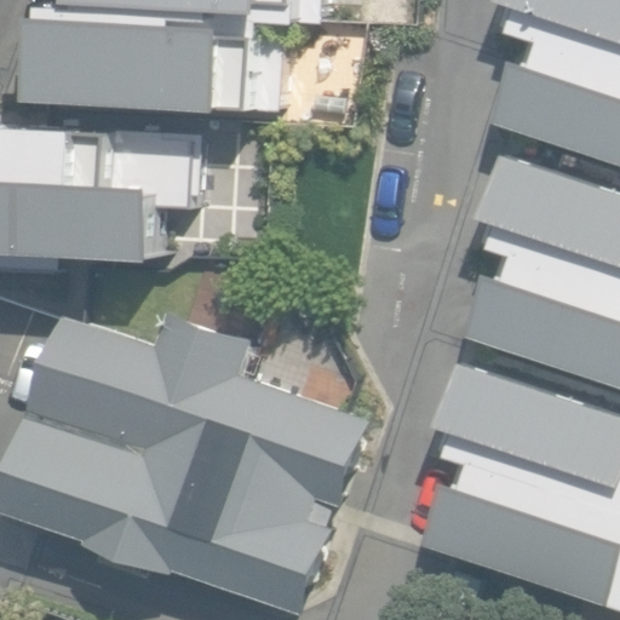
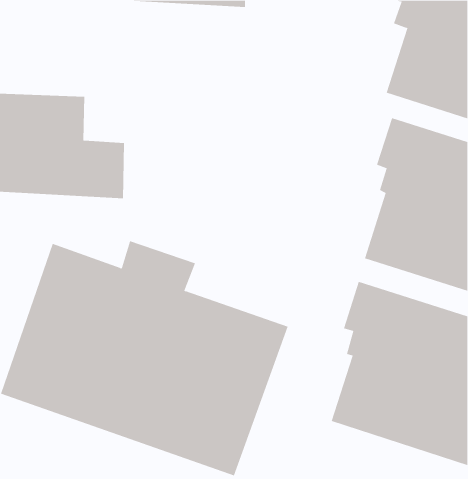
building: [35,17,276,115] -> none

